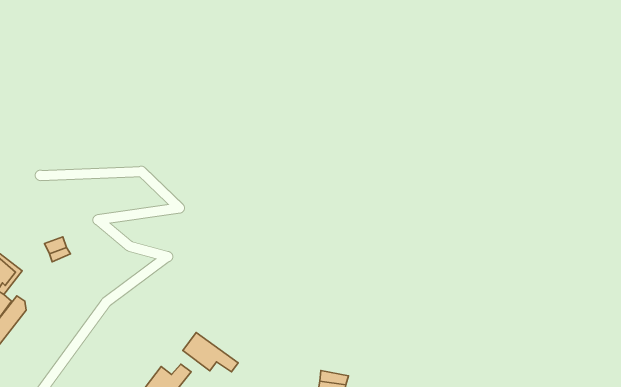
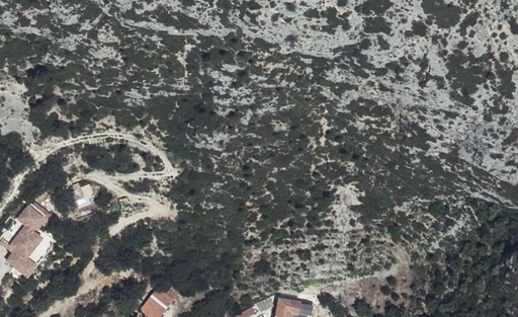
building: [183,332,238,372] -> none

